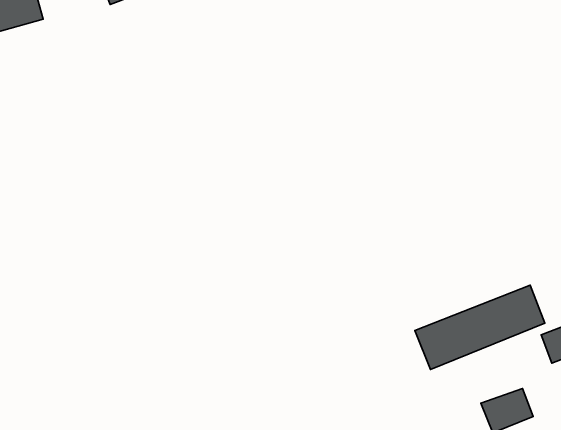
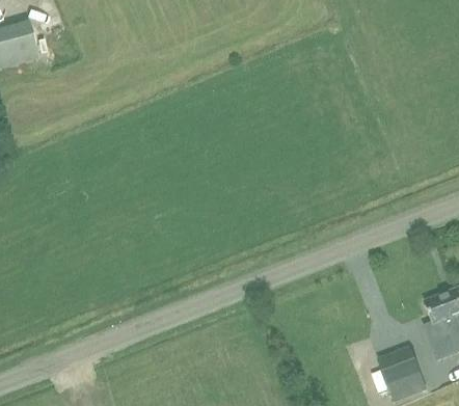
building: [415,285,545,369] -> none

